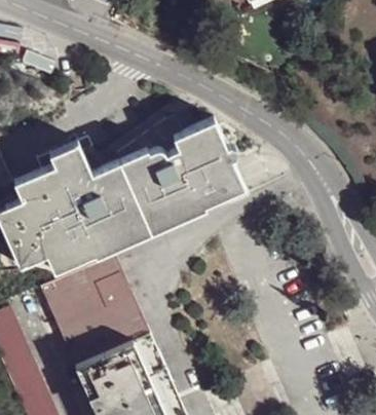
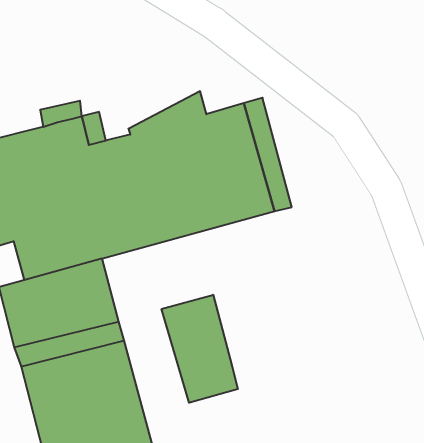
building: none -> [162,295,238,403]

